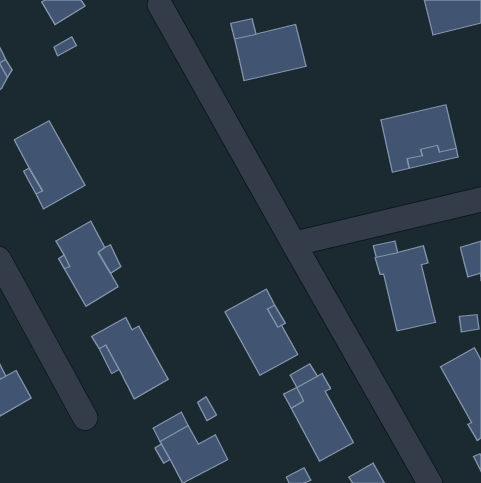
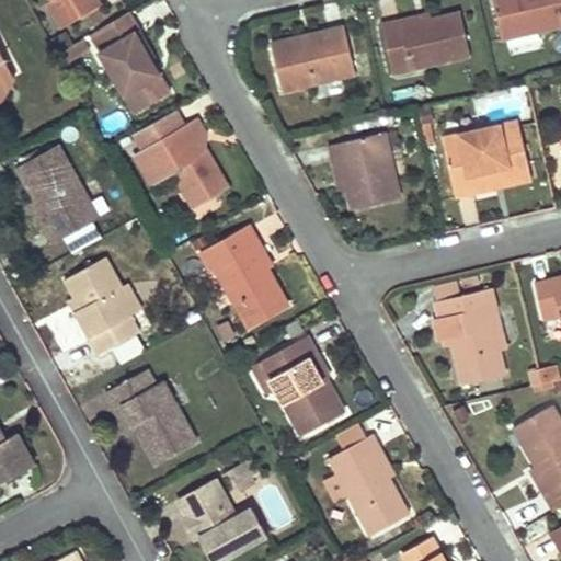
building: none -> [101,14,171,114]
building: none -> [380,15,470,75]
building: none -> [136,112,229,210]
building: none -> [332,134,400,209]
building: none -> [204,227,288,325]

